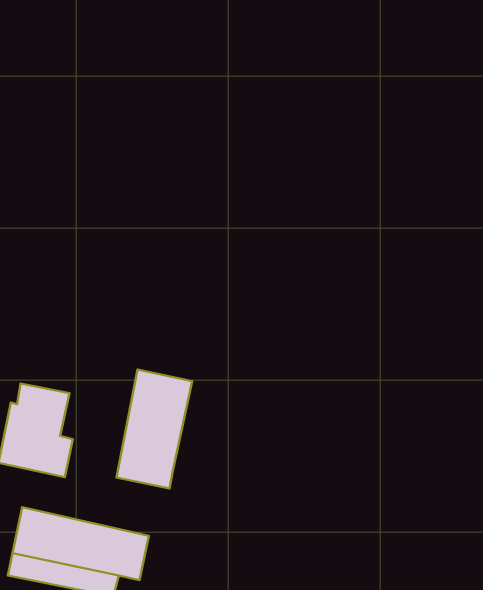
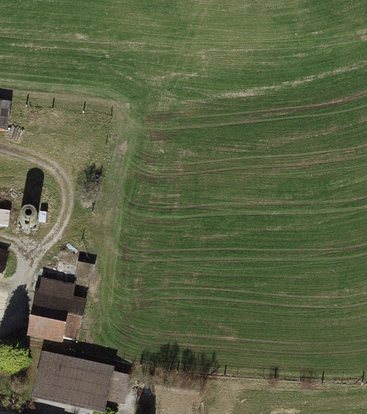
building: [117,369,192,488] -> none

